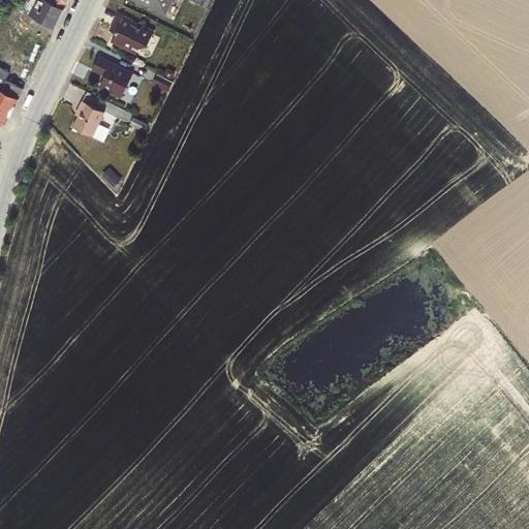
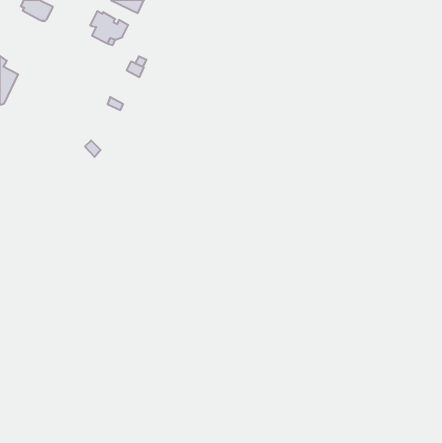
building: [91,55,132,98] -> none
building: [72,100,104,136] -> none

